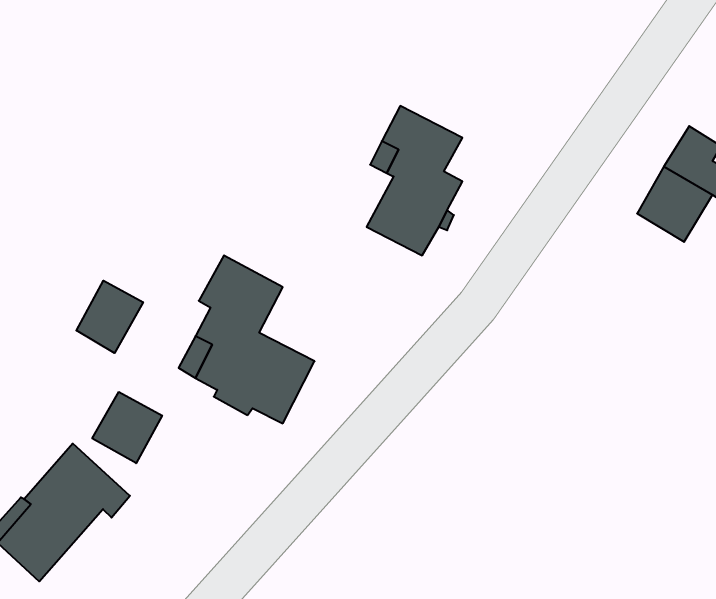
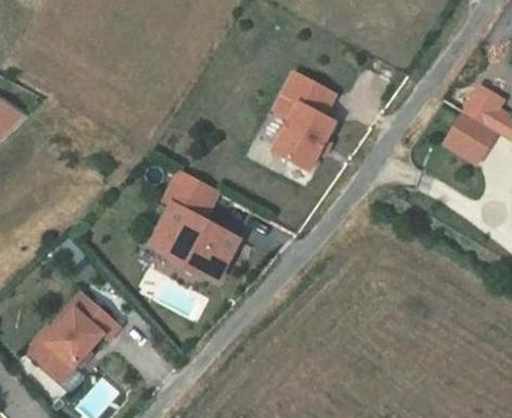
building: [76,281,143,353] -> none
building: [92,392,162,463] -> none

